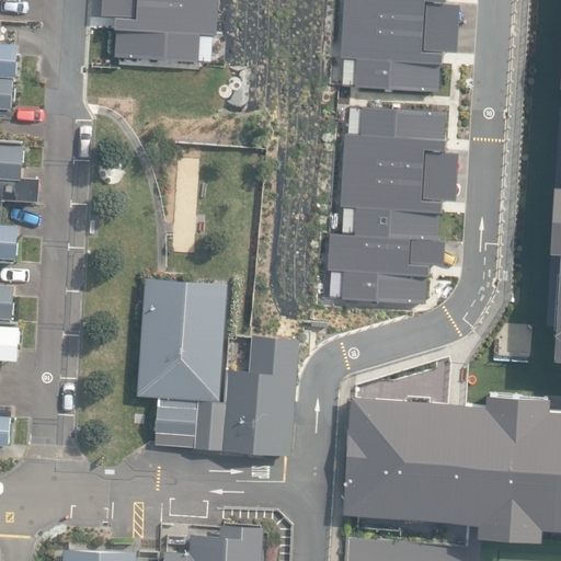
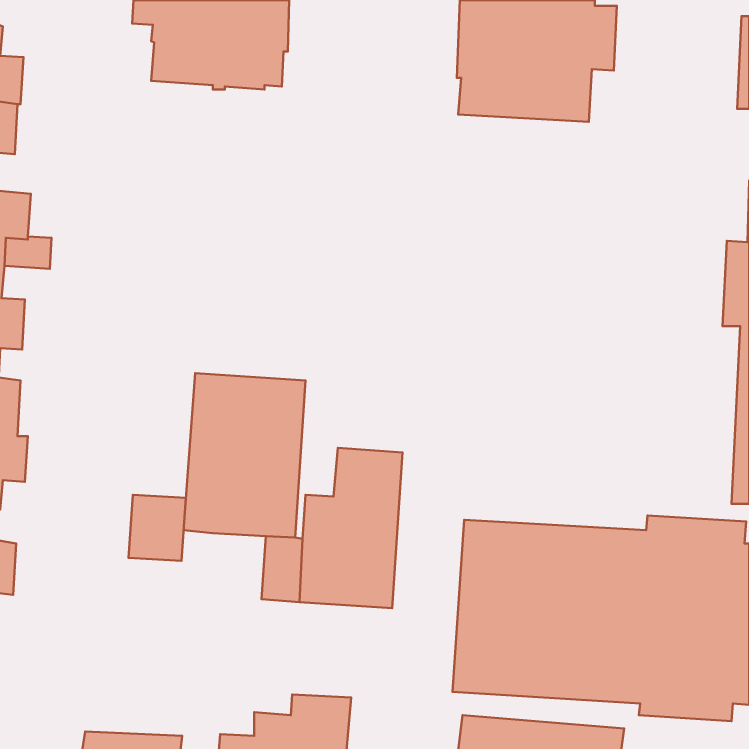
building: [328,108,459,302] -> none
building: [156,399,198,448] -> [129,495,186,561]

